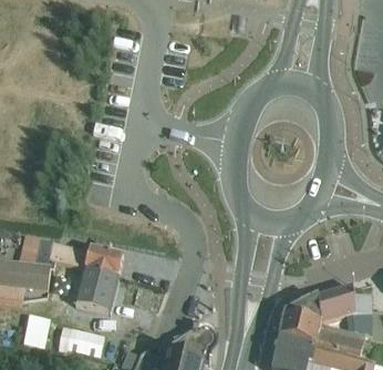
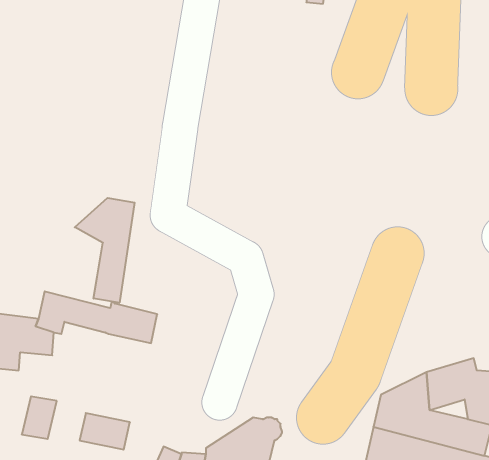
building: none -> [75,198,135,303]
building: [75,267,117,309] -> none

